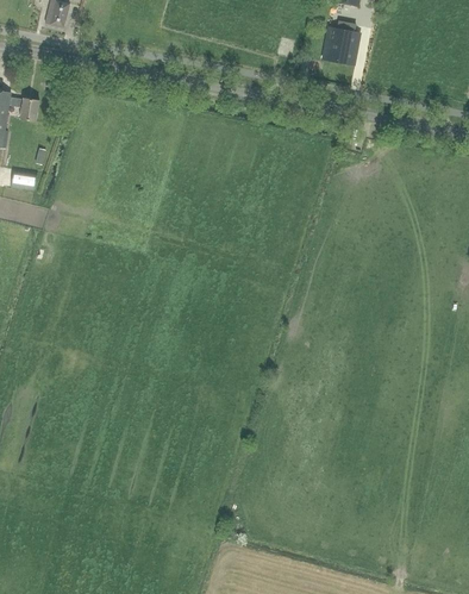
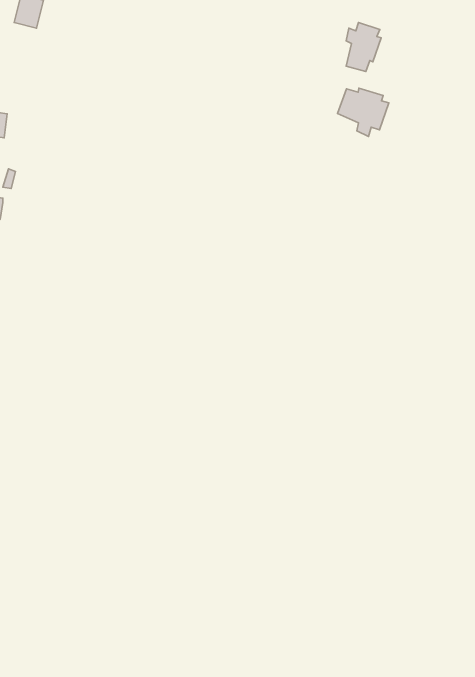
building: none -> [337,88,389,136]

